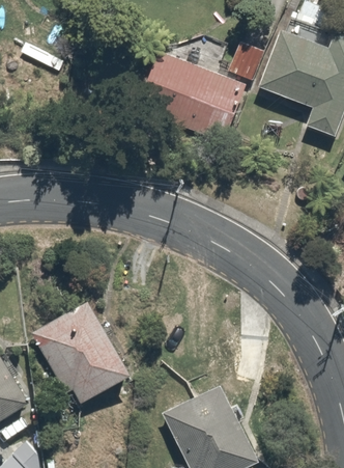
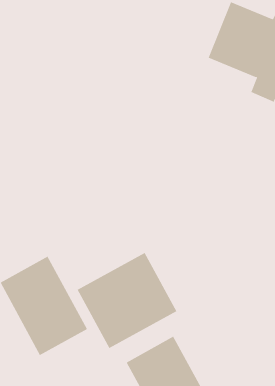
building: [139,40,263,144] -> none
building: none -> [77,252,177,349]

